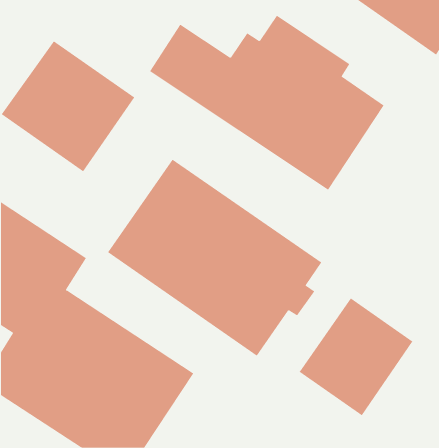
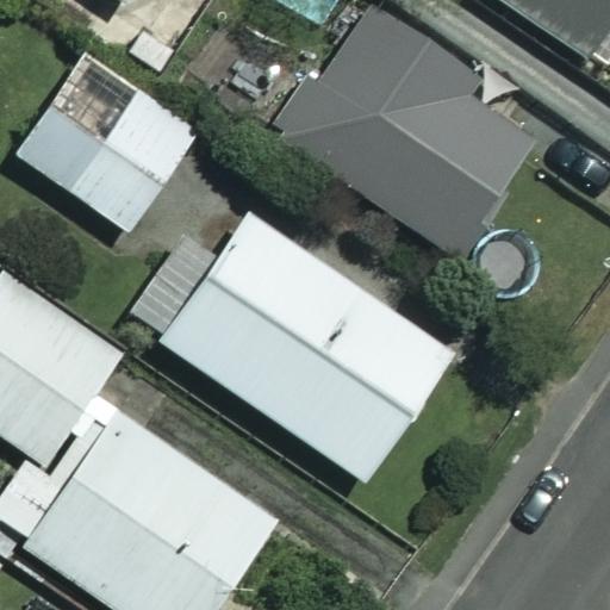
building: [299,298,413,416] -> none

